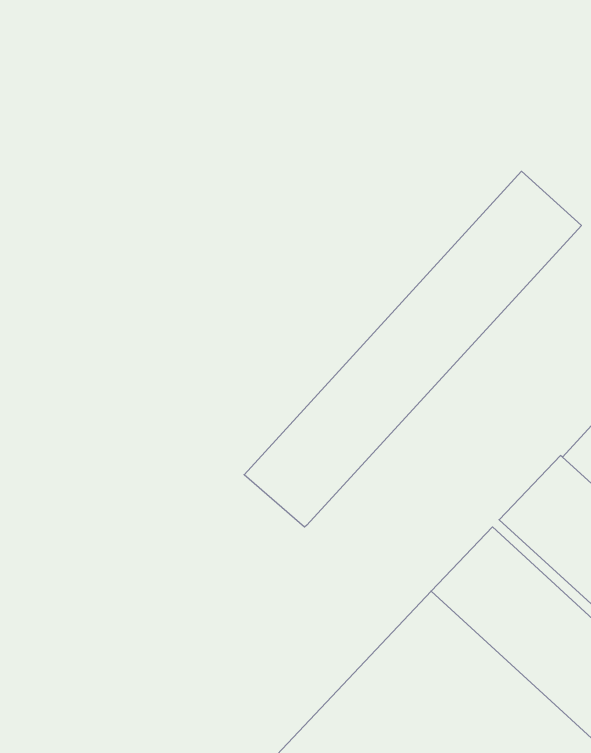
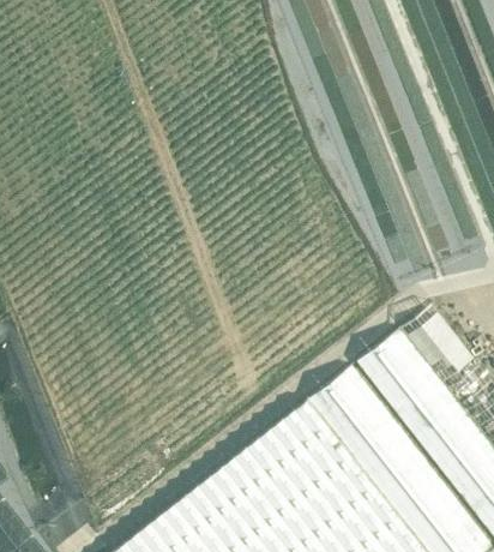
building: [244,171,581,527] -> none

